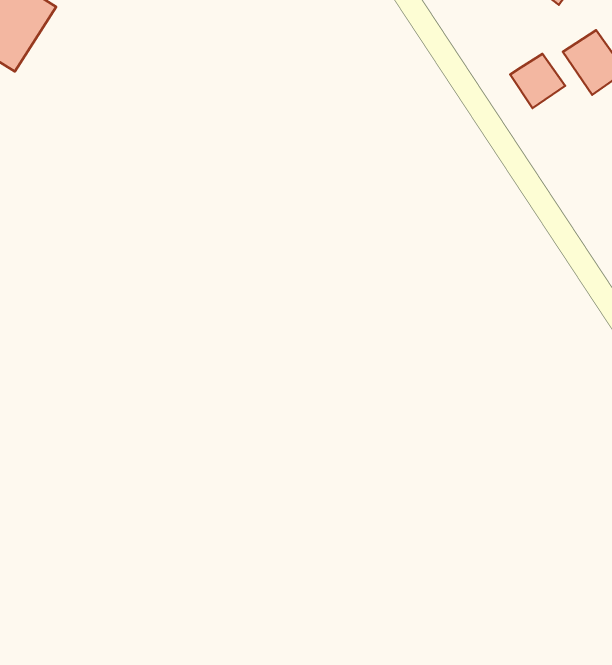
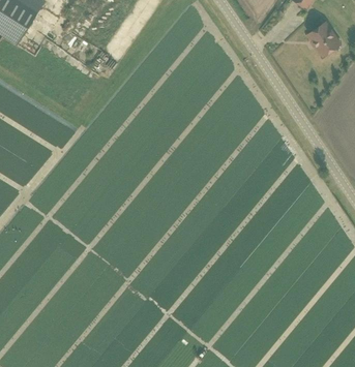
building: [510,54,565,108] -> none

